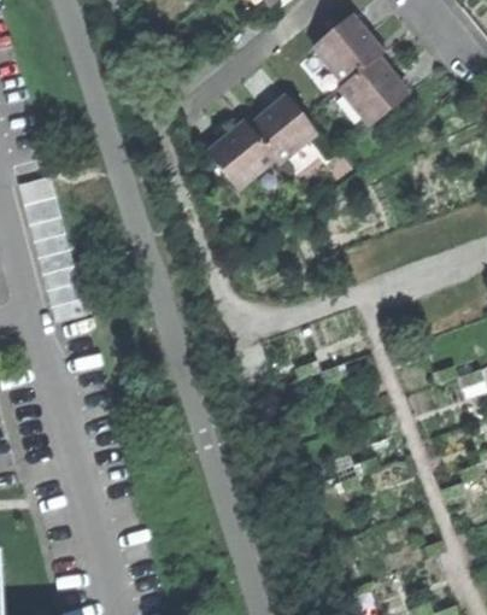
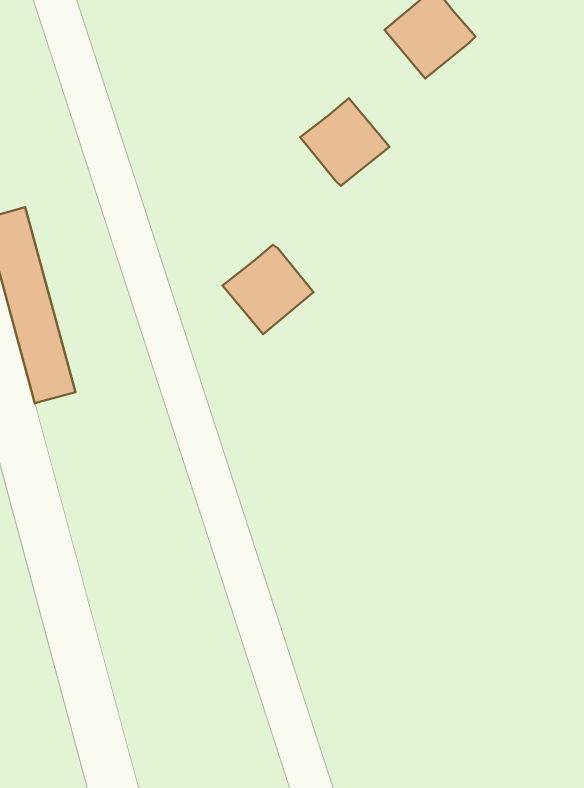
building: [340,54,409,123] -> none
building: [211,122,278,188] -> [223,245,314,334]

